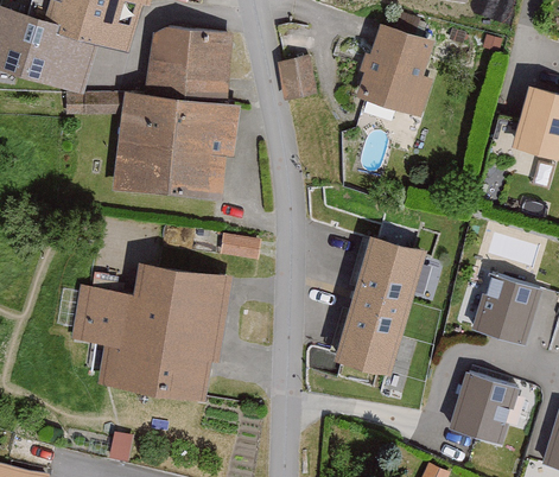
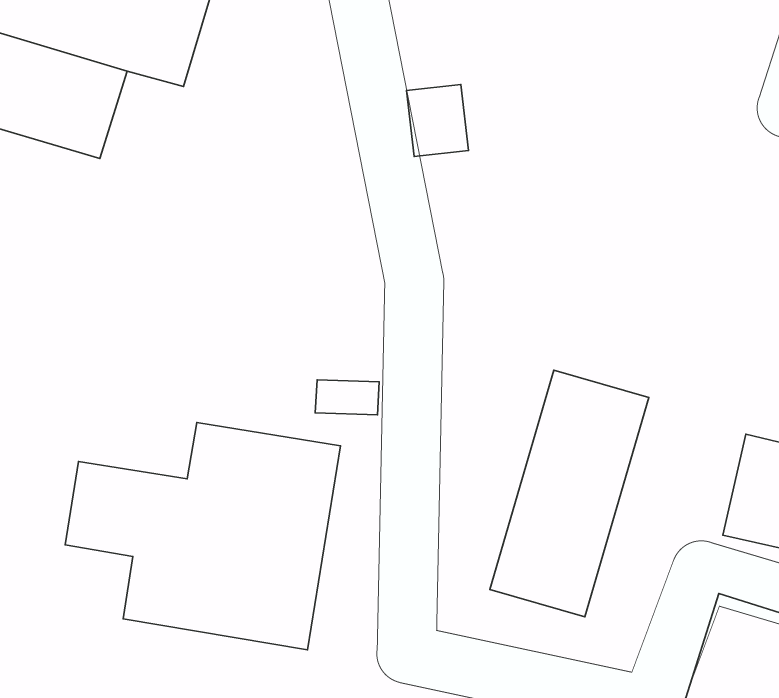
building: [361,25,440,117] -> none
building: [120,30,242,199] -> none

